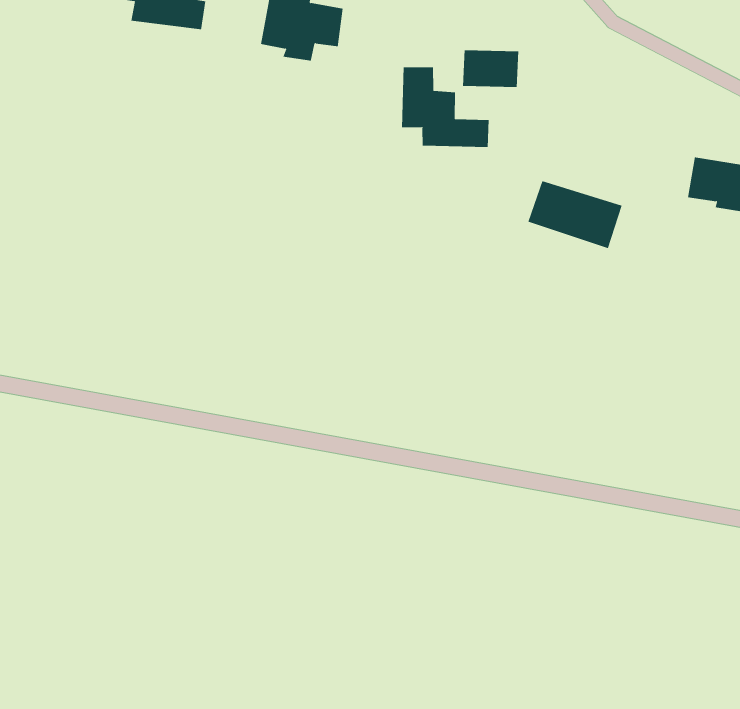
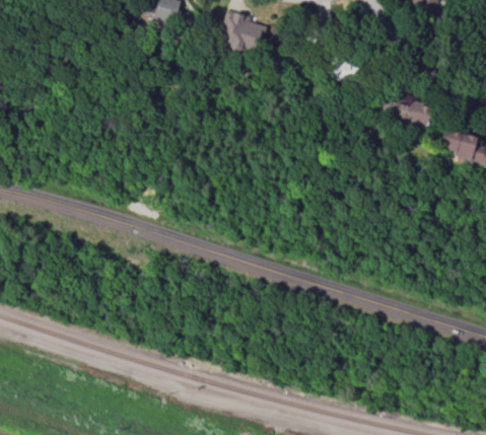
building: [402,67,489,148] -> none
building: [528,180,622,249] -> [381,90,433,131]

